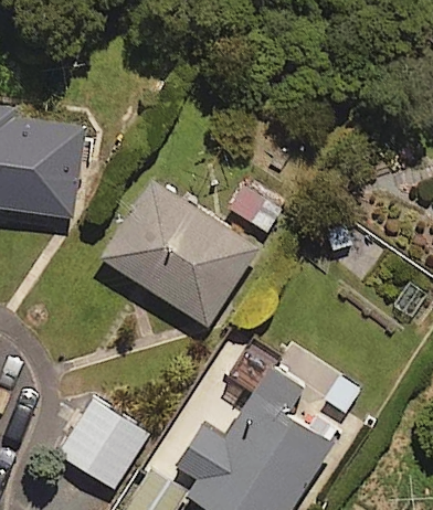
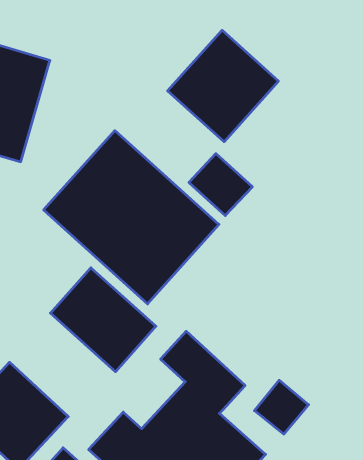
building: none -> [168,30,278,142]
building: none -> [50,268,156,372]

